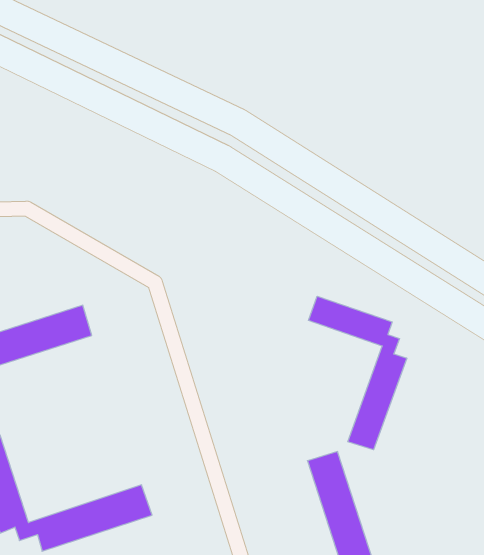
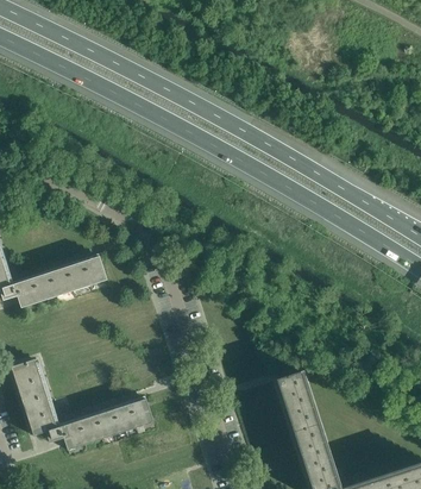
building: [309,296,407,450] -> none

